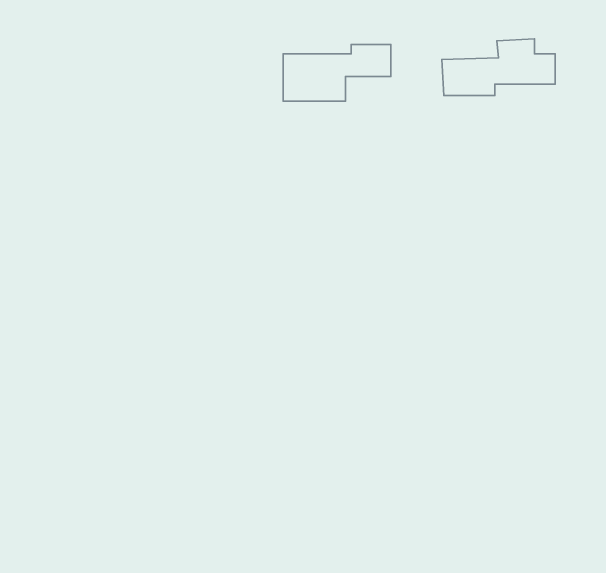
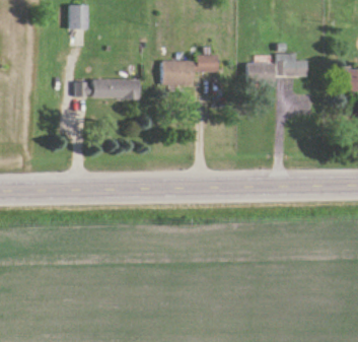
building: none -> [75,80,140,98]

